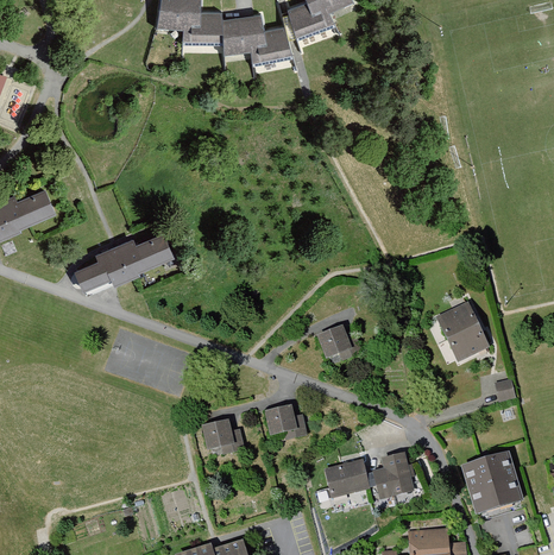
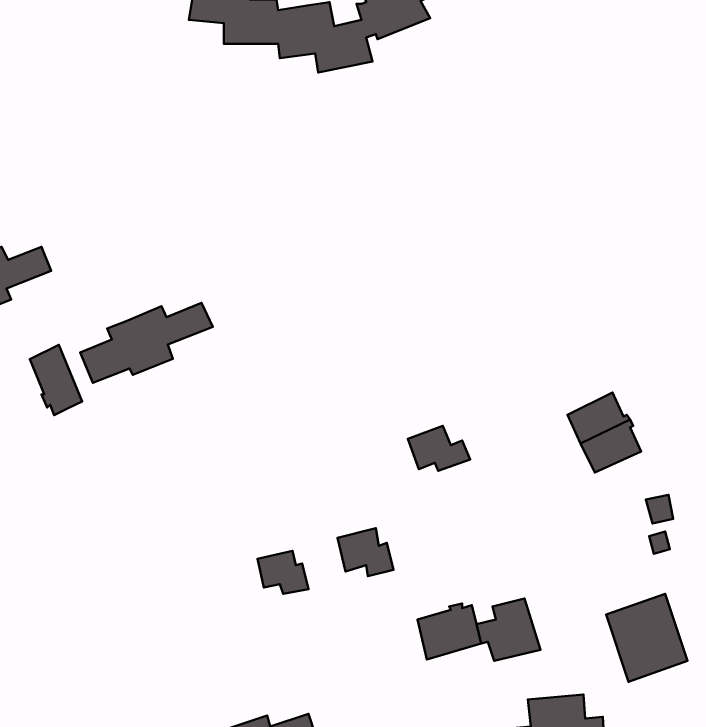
building: none -> [30,345,82,415]

